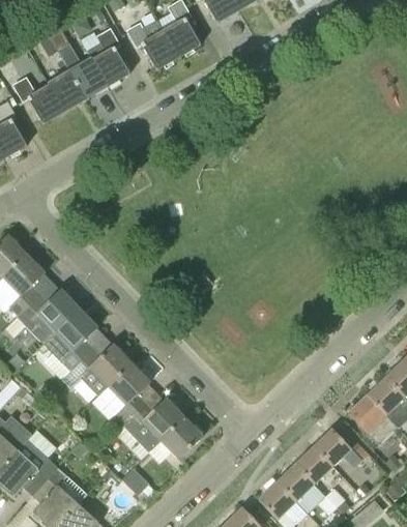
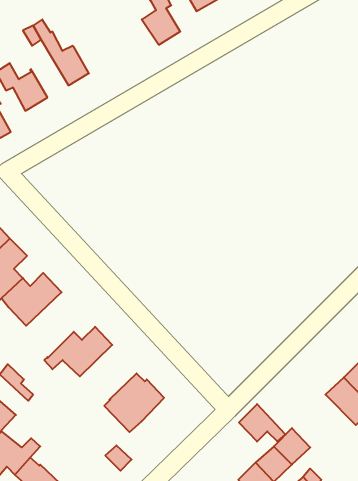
building: [126,21,178,68] -> none
building: [91,27,128,85] -> none
building: [49,70,86,110] -> none
building: [35,309,96,376] -> none
building: [92,362,155,418] -> none
building: [161,416,202,459] -> none
building: [314,429,361,467] -> [239,404,286,442]

